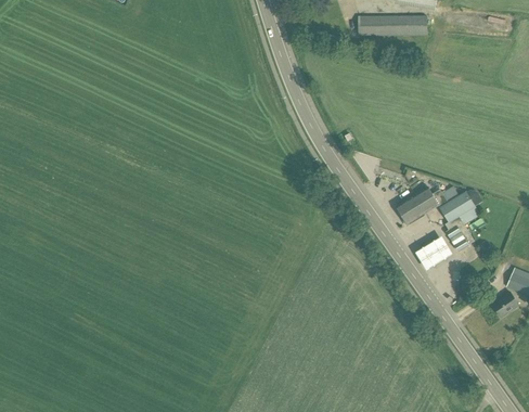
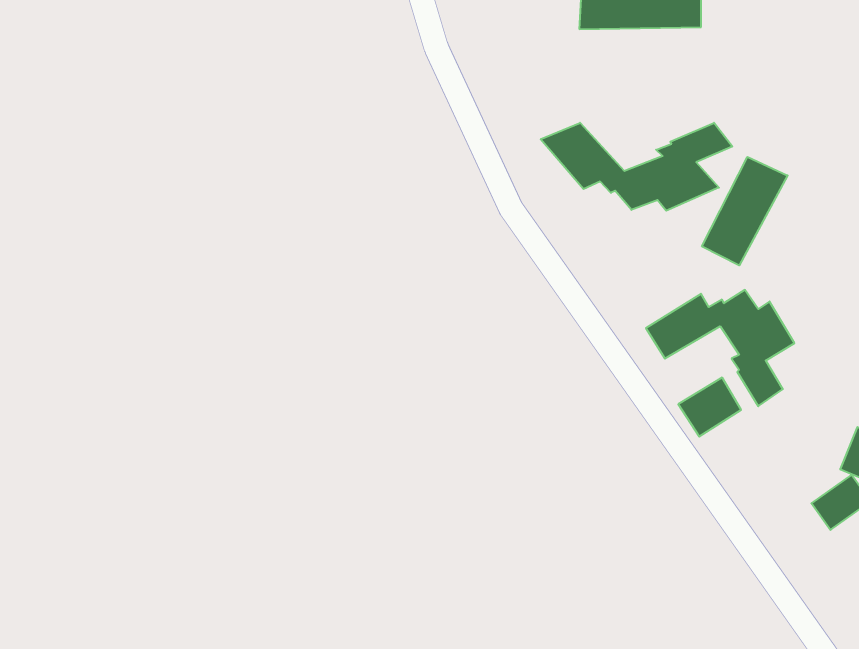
building: none -> [541,123,732,211]
building: none -> [702,157,788,265]

